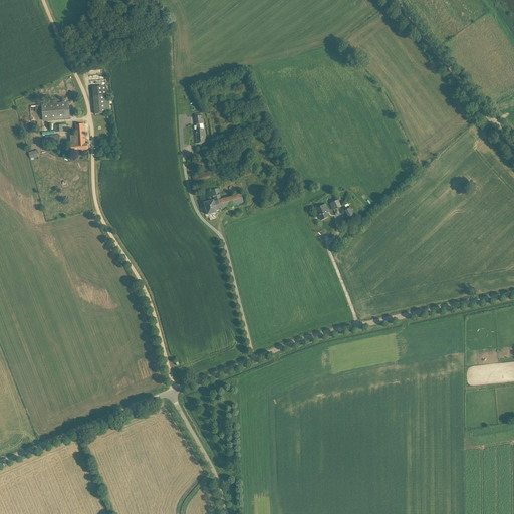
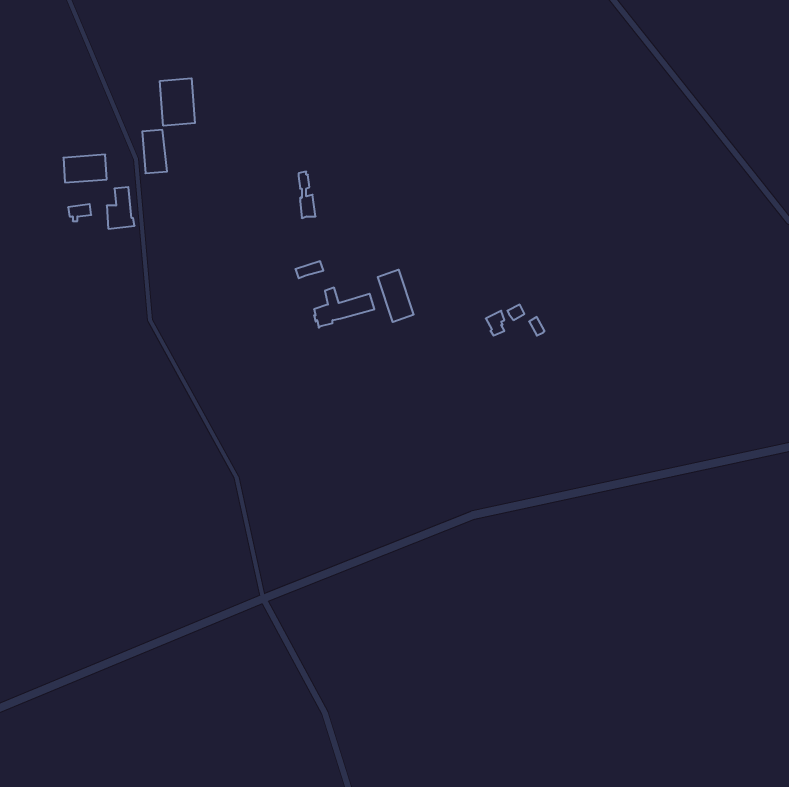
building: none -> [160,78,195,126]
building: none -> [378,270,414,322]

